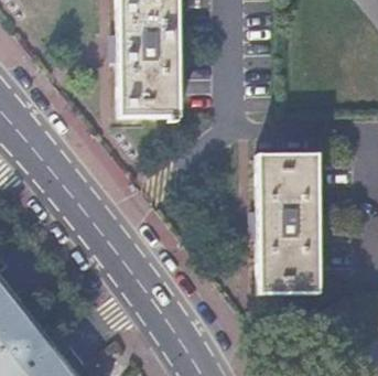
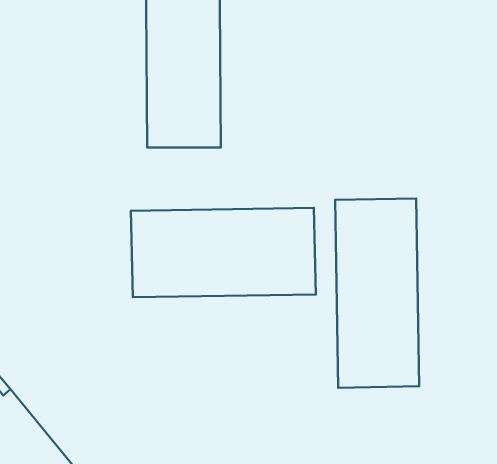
building: none -> [131,208,316,297]

